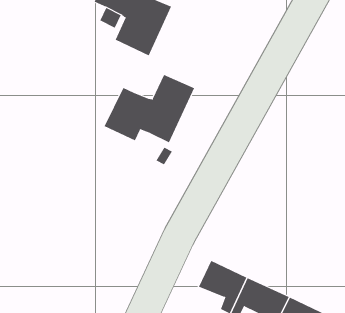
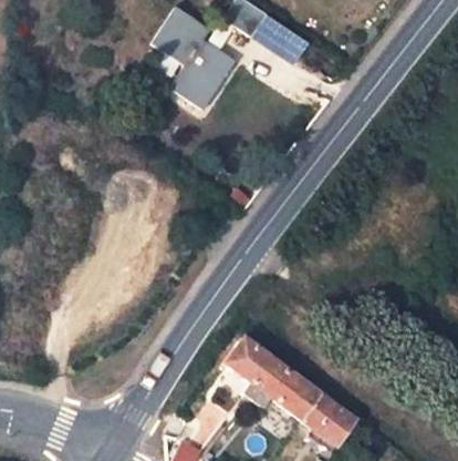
building: [104,74,195,143] -> none

